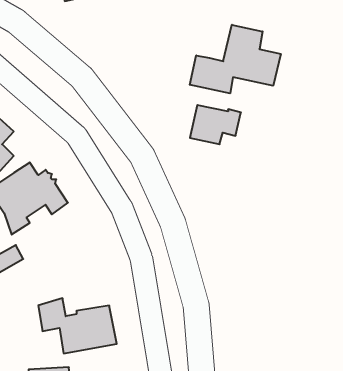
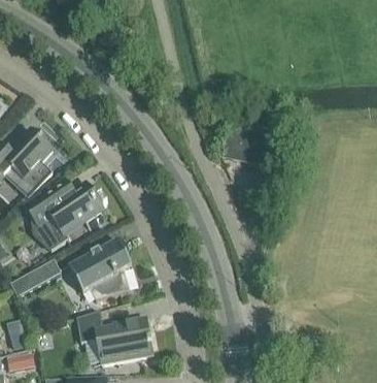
building: [190,25,281,93] -> none
building: none -> [68,238,132,299]

